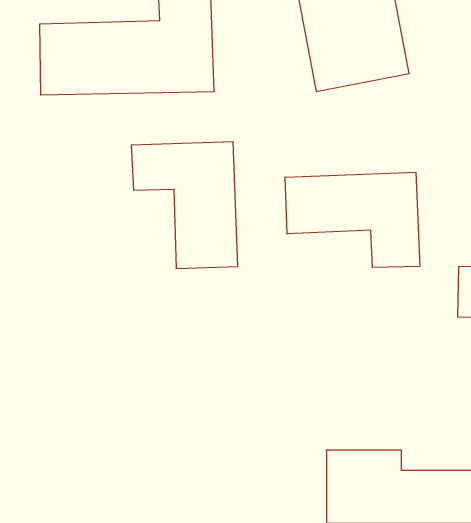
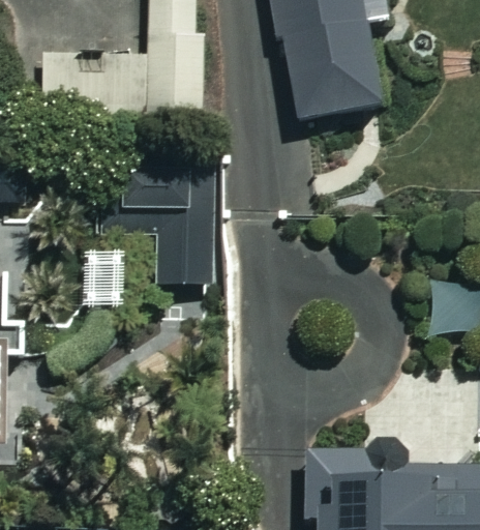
building: [285,172,420,267] -> none

